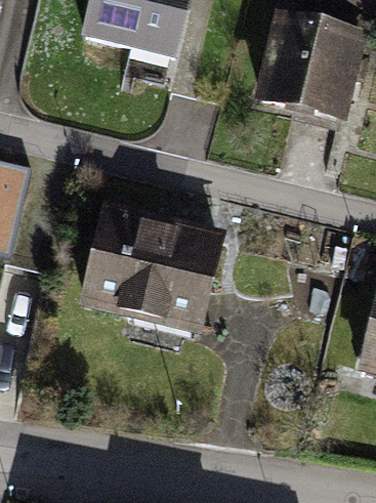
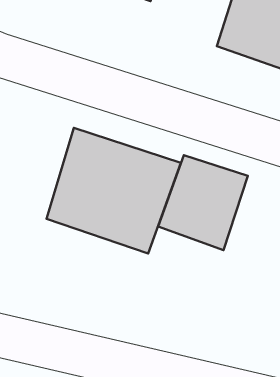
building: none -> [158,155,248,250]

